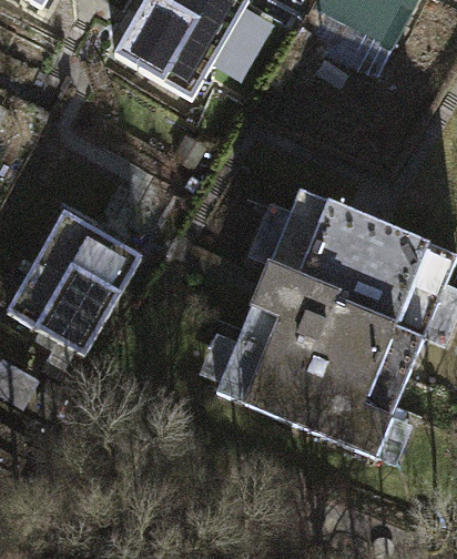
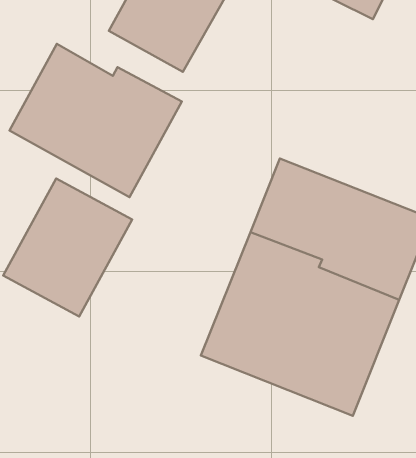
building: none -> [9,44,182,197]

